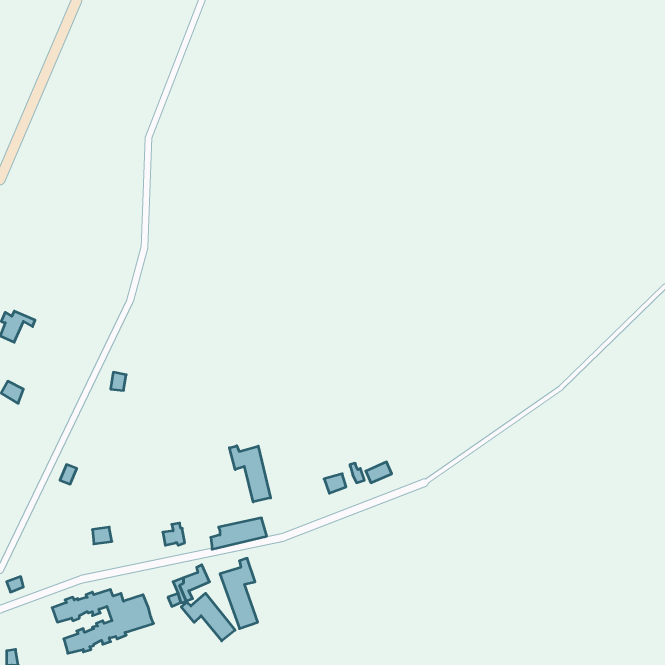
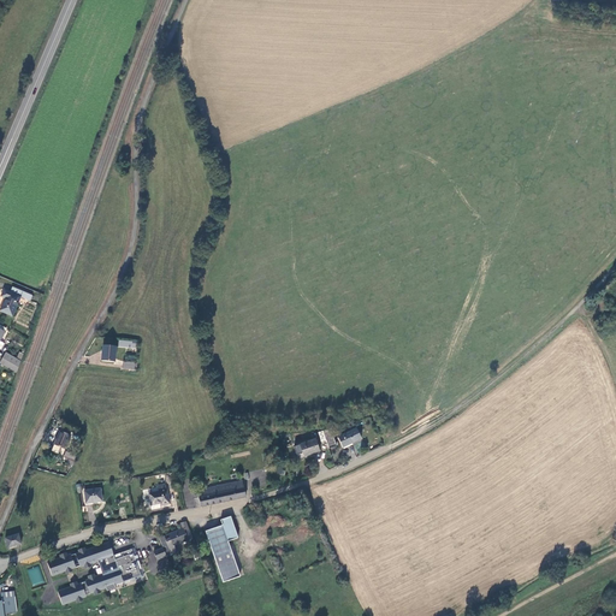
building: [229,446,271,502] -> none
building: [181,593,235,641] -> none

